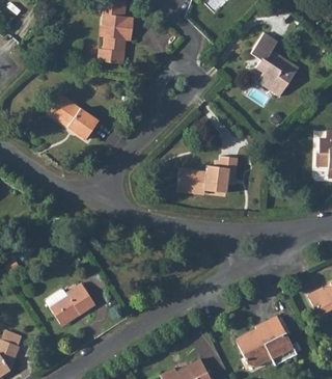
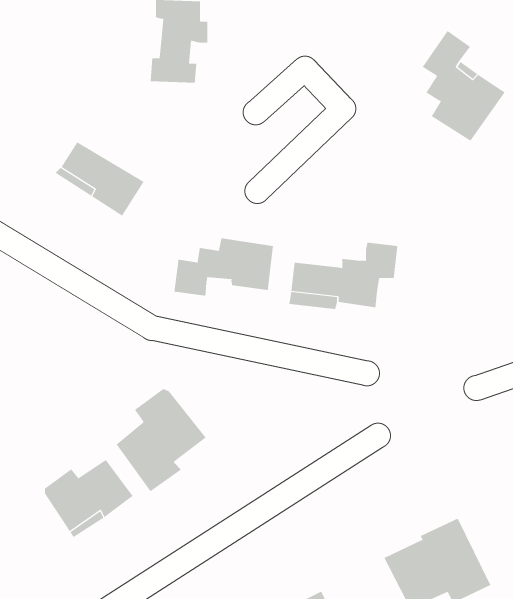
building: none -> [174,237,274,296]
building: none -> [116,388,206,492]

